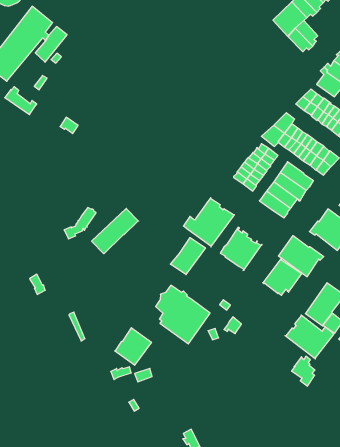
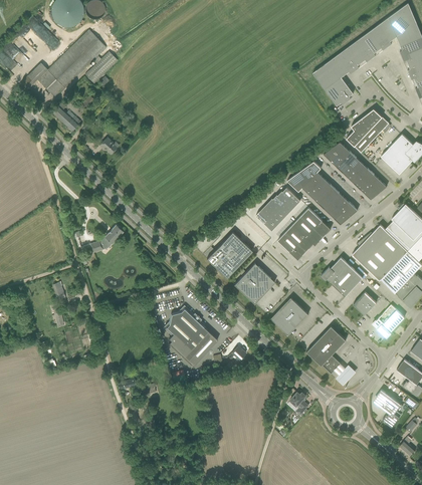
building: [92,208,139,254] -> none
building: [278,236,324,277] -> none
building: [170,238,205,275] -> none
building: [285,315,334,359] -> none
building: [115,328,151,365] -> none

